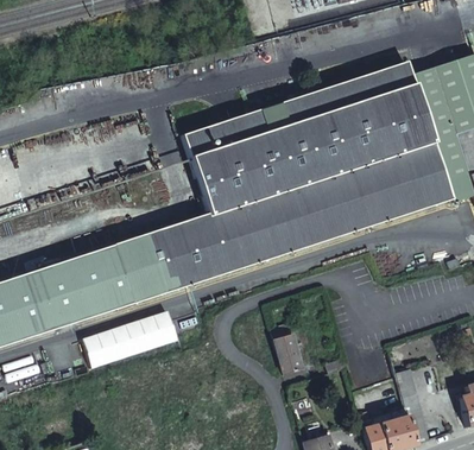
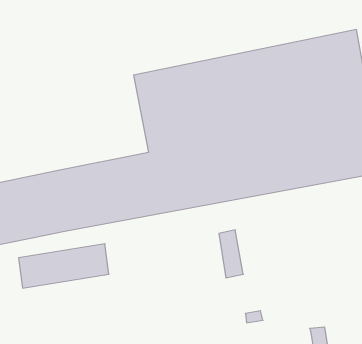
building: [273,322,304,373] -> [219,230,243,278]

